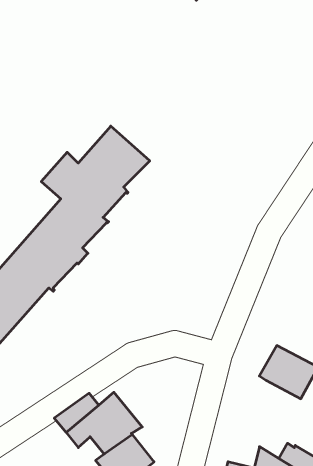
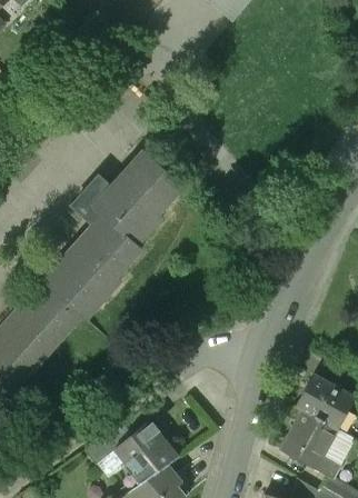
building: none -> [281,409,339,478]

